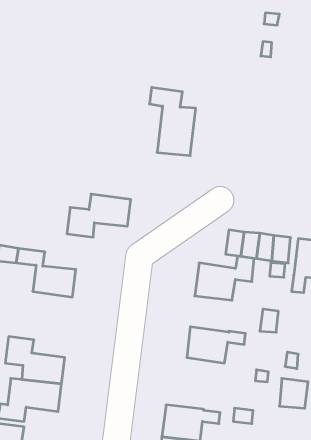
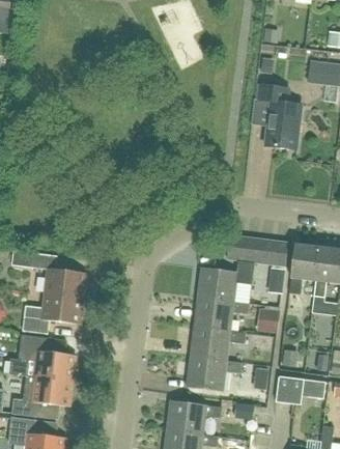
building: [149,87,196,156] -> [257,83,301,147]
building: [67,194,131,237] -> [22,292,82,333]
building: none -> [193,297,248,331]
building: none -> [186,355,240,390]

